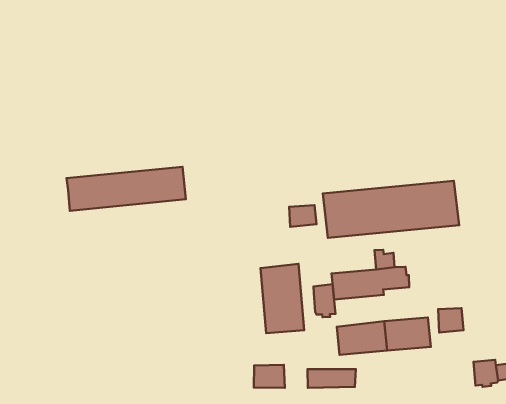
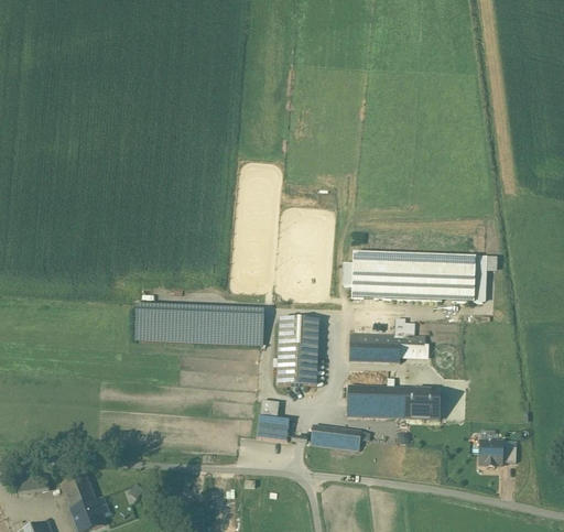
building: [66,167,186,211] -> [140,306,259,344]
building: [289,205,317,227] -> none
building: [313,284,336,317] -> none
building: [438,308,463,332] -> none

